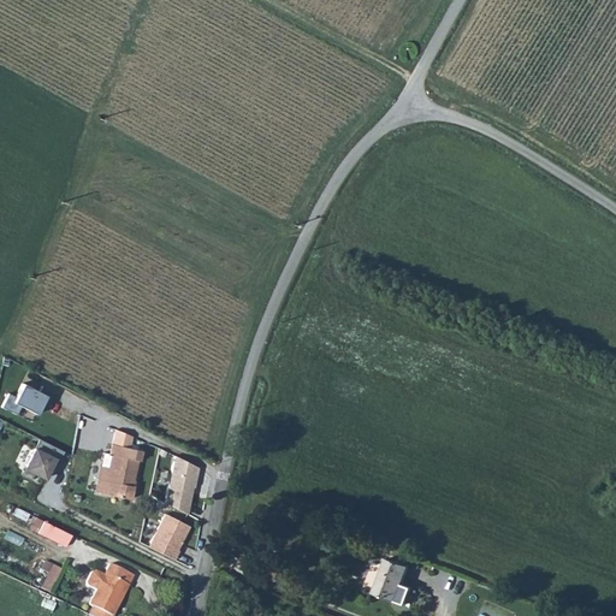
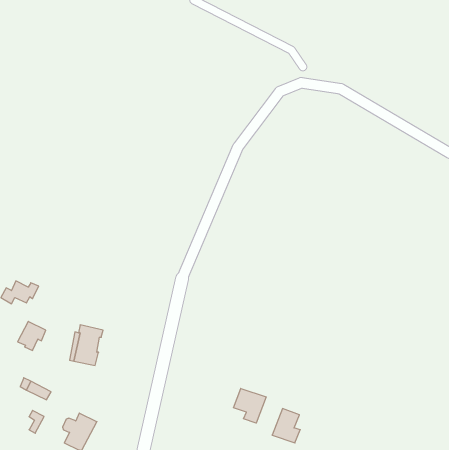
building: [166,456,199,514] -> none
building: [149,514,190,559] -> none
building: none -> [234,388,266,423]

